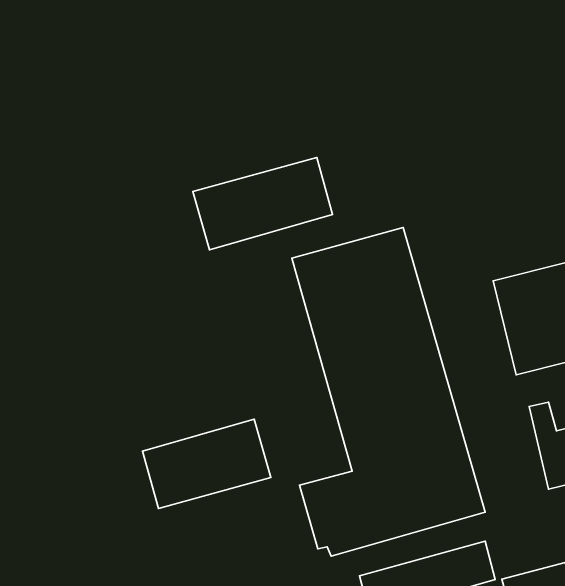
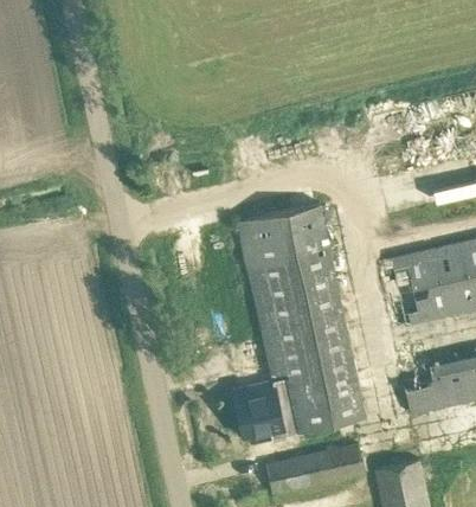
building: [193,157,333,250] -> none
building: [143,419,271,508] -> none

